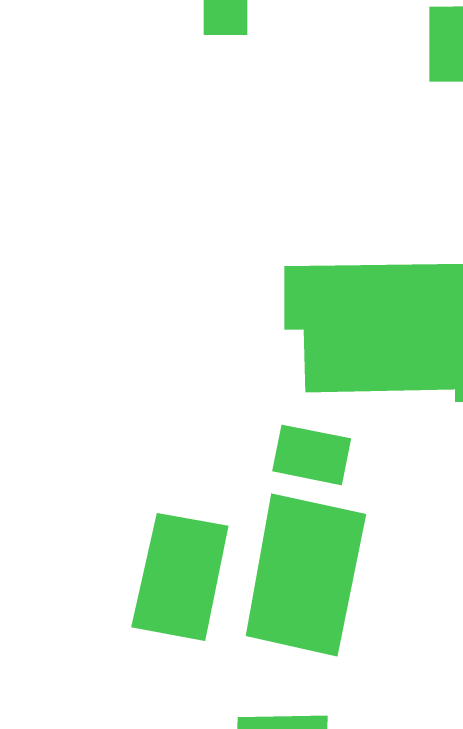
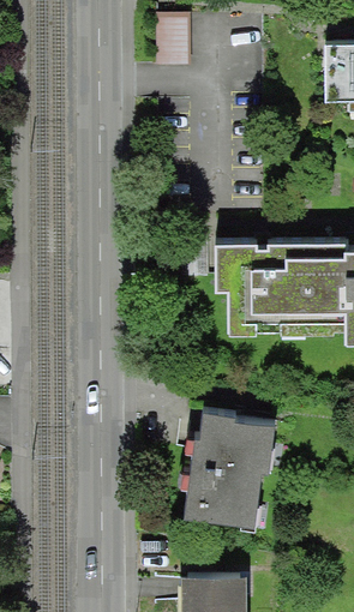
building: [272,424,352,486] -> none
building: [130,512,229,642] -> none

